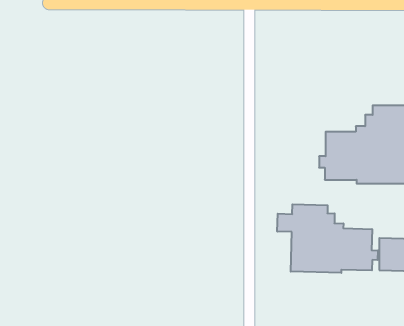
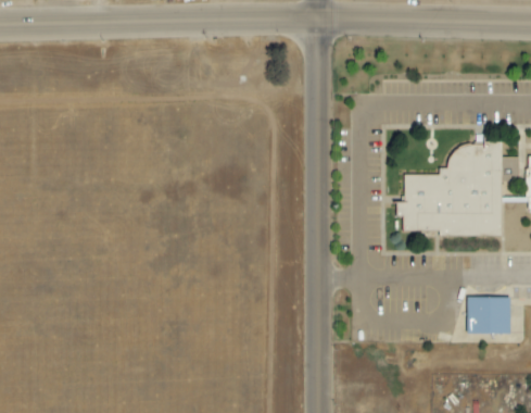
building: [277,204,378,273] -> none

